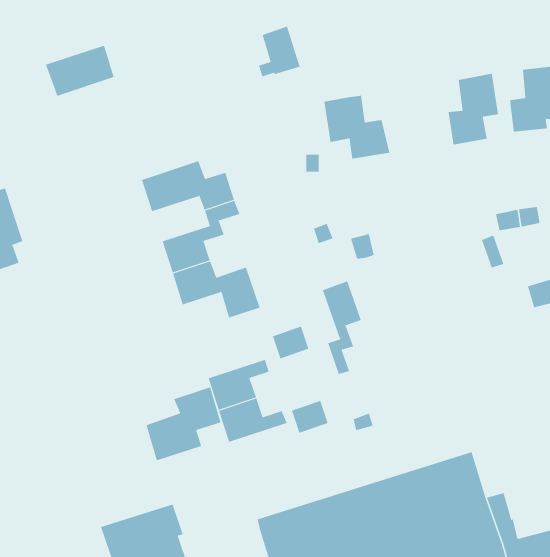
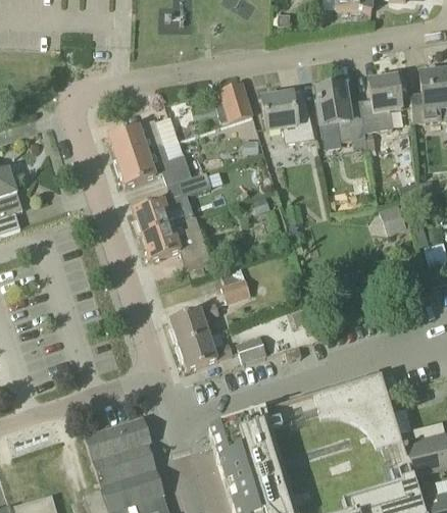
building: [258,26,300,77] -> [218,82,252,122]
building: [45,45,114,96] -> [108,119,163,160]
building: none -> [317,85,366,141]
building: [322,281,361,375] -> none
building: [146,387,221,461] -> none

